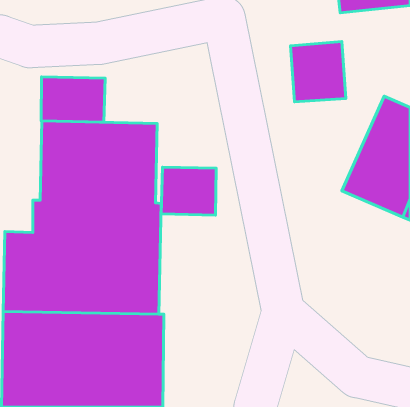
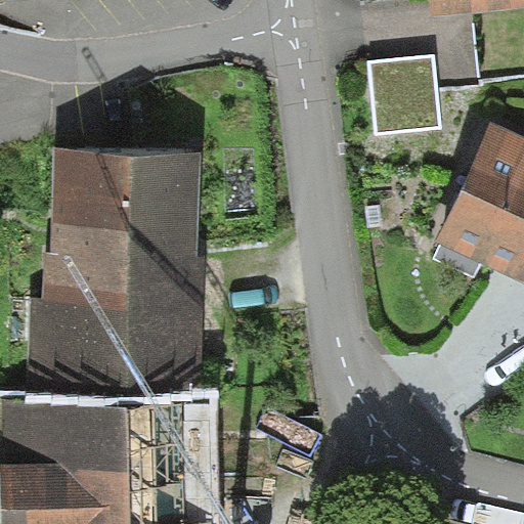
building: [41,77,105,122] -> none
building: [161,167,216,215] -> none

